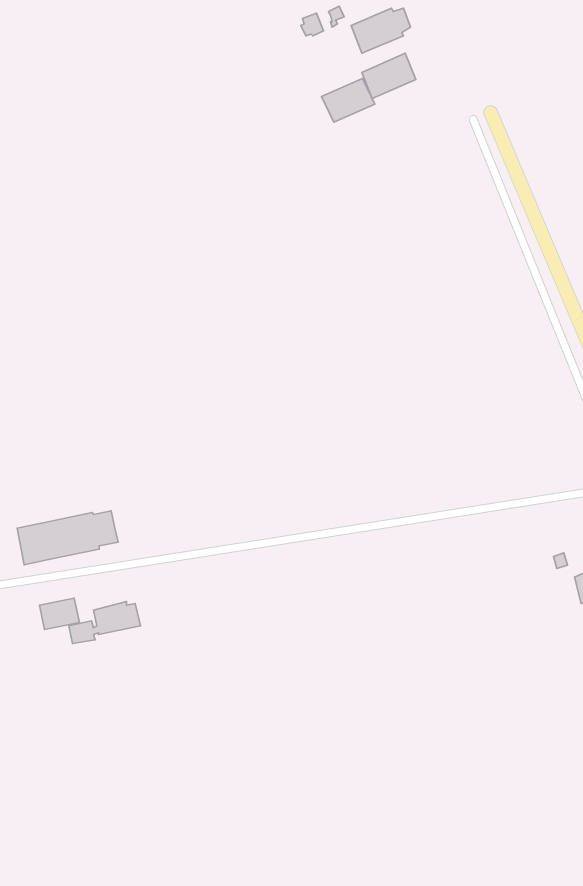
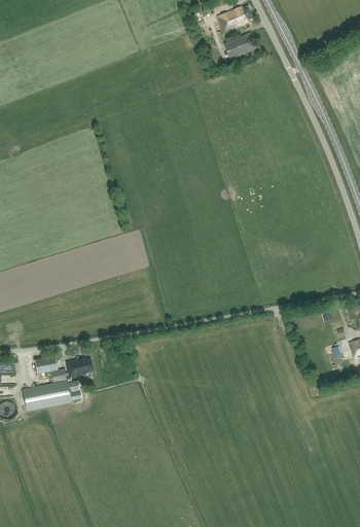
building: [321,79,375,122] -> none
building: [17,511,118,565] -> [23,379,82,411]

